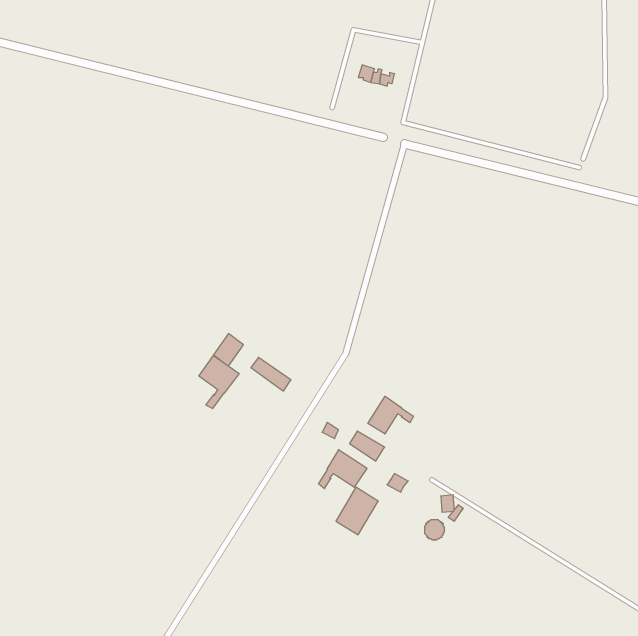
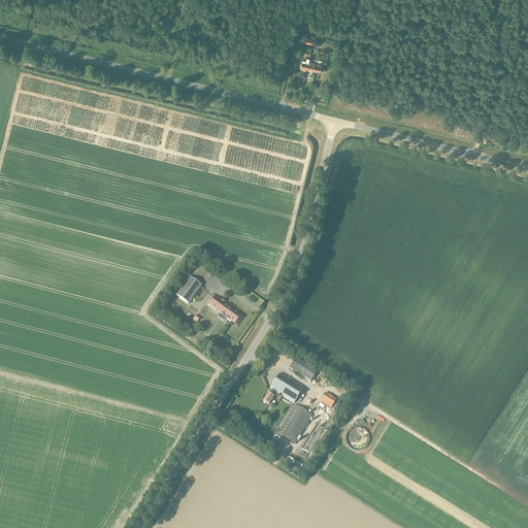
building: [199,355,239,409] -> none
building: [368,396,413,434] -> none

